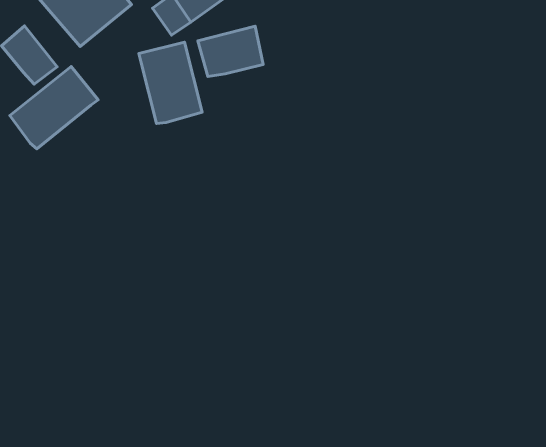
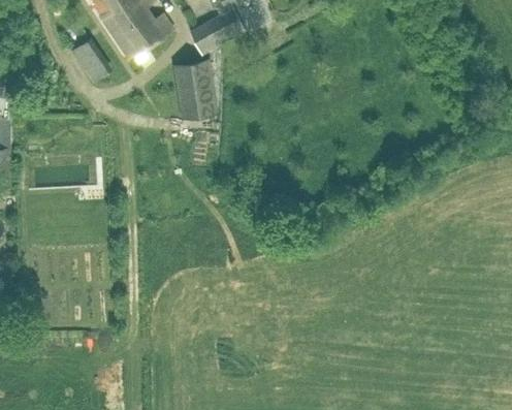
building: [198,26,263,76] -> none
building: [10,67,98,149] -> none

